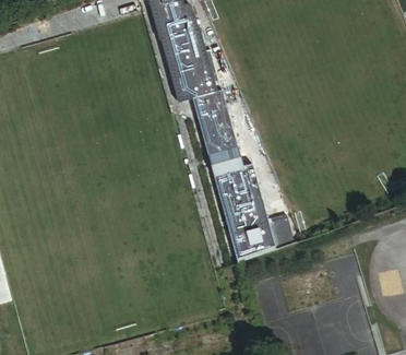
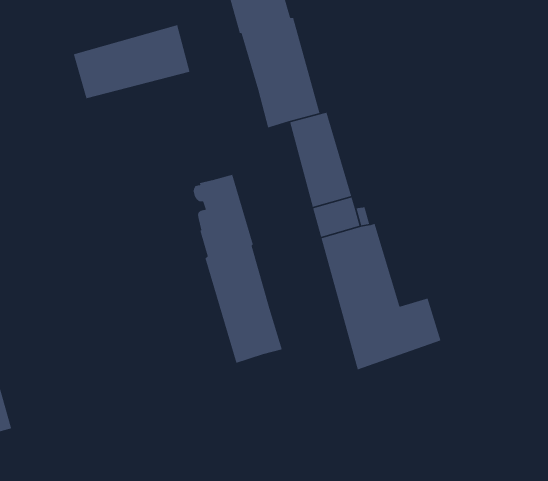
building: none -> [73,24,190,99]
building: none -> [193,174,283,364]

